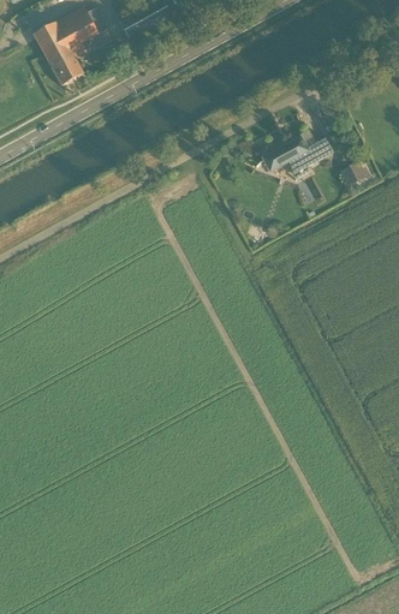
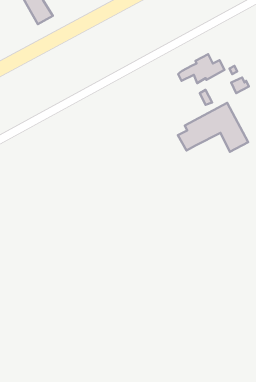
building: none -> [178,103,248,152]

